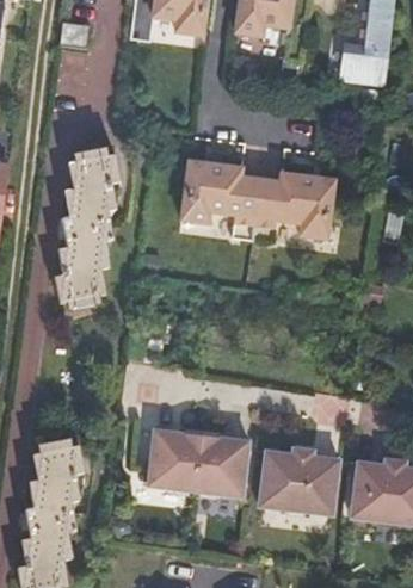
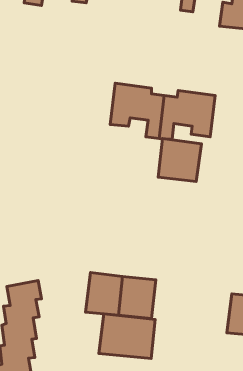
building: [53,151,117,301] -> none
building: none -> [158,139,201,181]
building: [259,451,340,515] -> [99,314,155,358]

